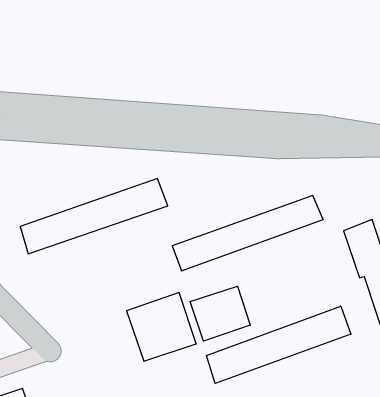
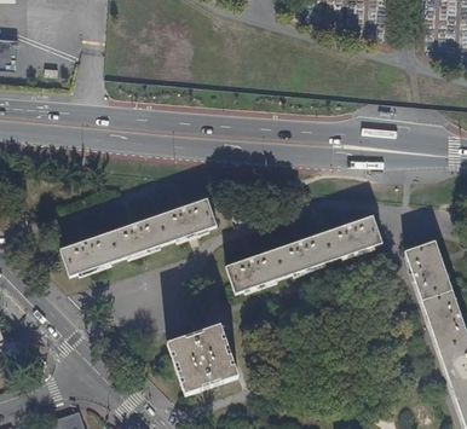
building: [190,286,250,341] -> none
building: [207,306,351,383] -> none

